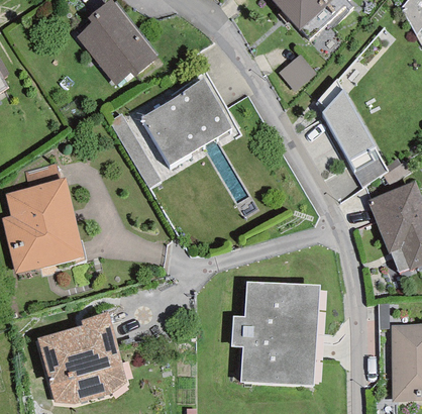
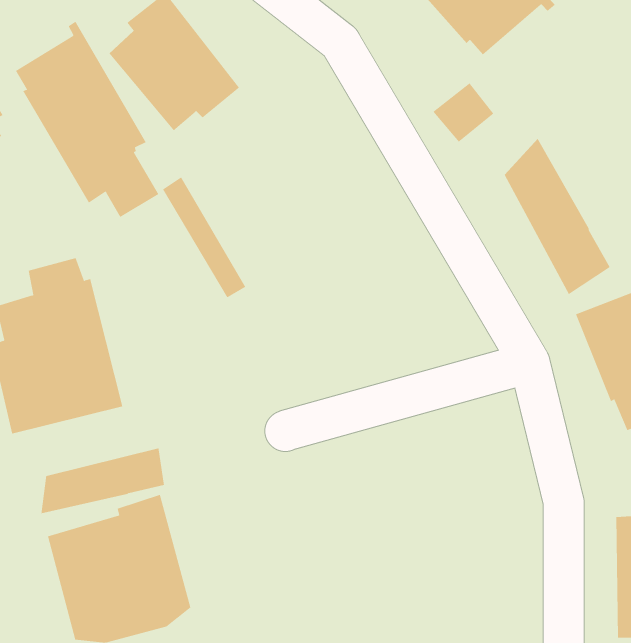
building: none -> [15,21,159,218]
building: [139,78,232,166] -> none
building: [231,281,320,385] -> none
building: none -> [41,448,165,514]

